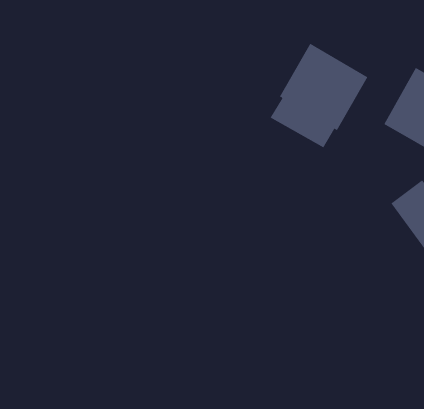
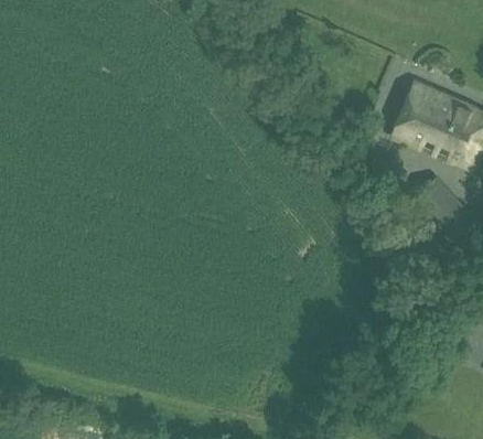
building: [270,43,368,148] -> none

